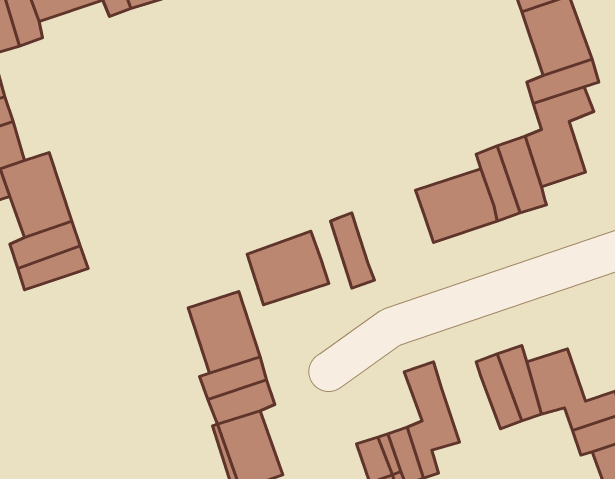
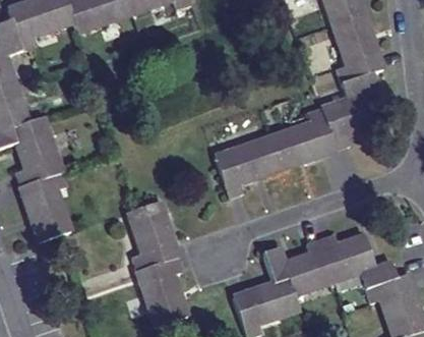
building: [247,231,329,305] -> [229,137,280,183]
building: none -> [25,189,70,240]
building: none -> [285,254,321,294]

